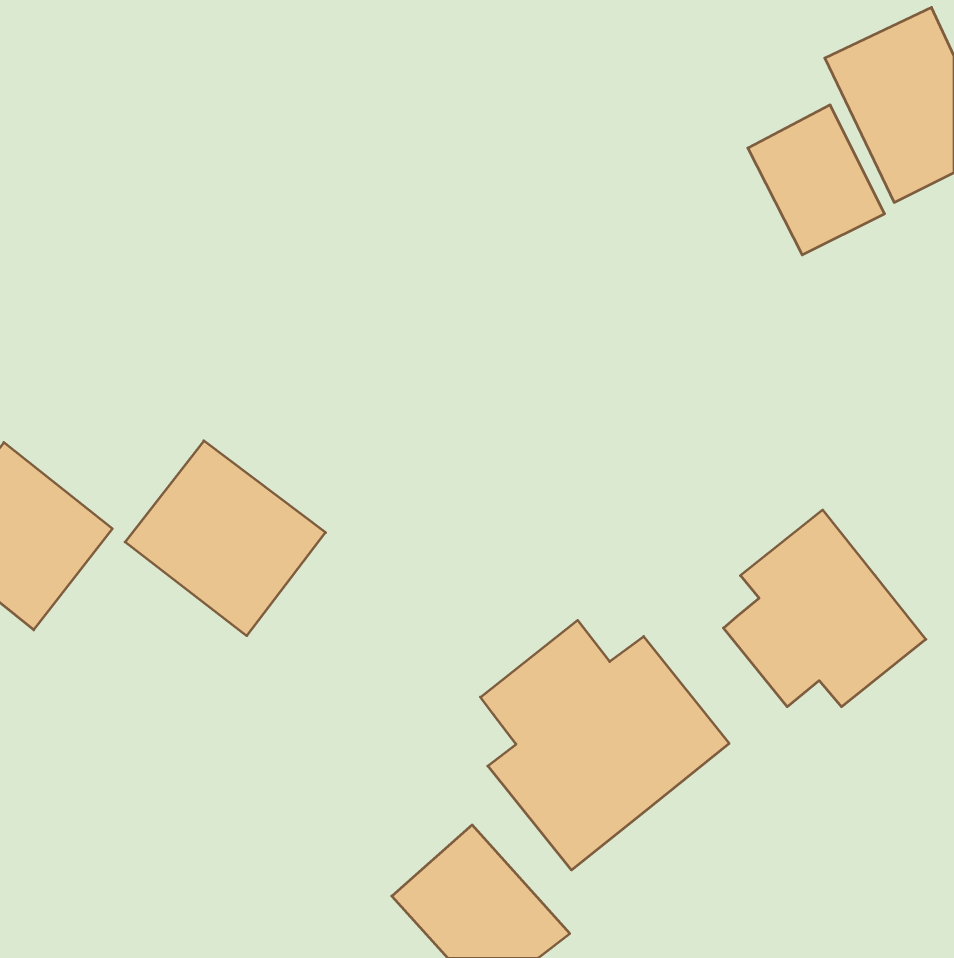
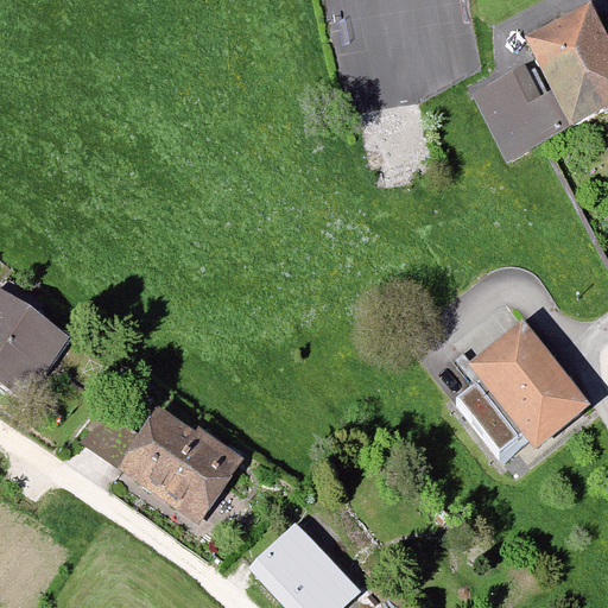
building: [125,441,326,636] -> [120,400,247,524]
building: [480,620,729,870] -> none

